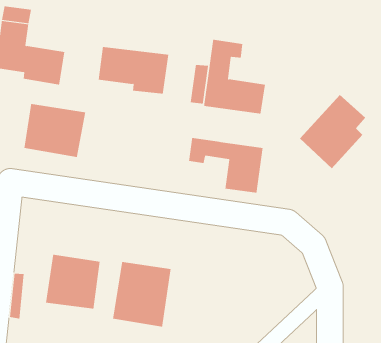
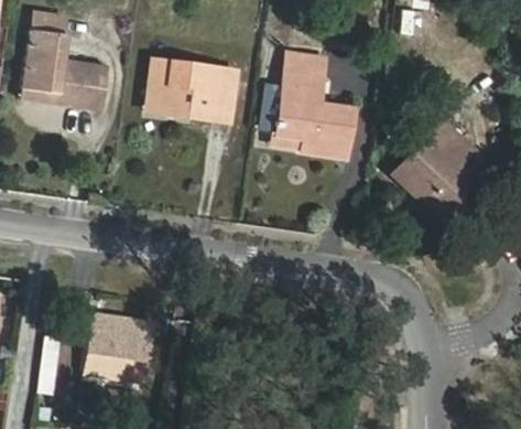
building: [24,103,86,158] -> none
building: [189,137,263,193] -> none
building: [112,261,171,328] -> none

